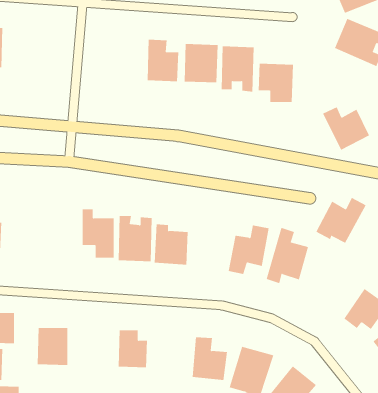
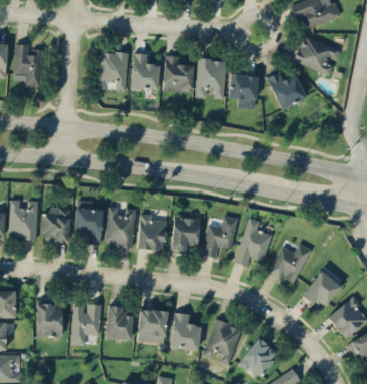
building: none -> [13,44,41,88]
building: none -> [98,51,128,90]
building: [322,107,370,150] -> [266,72,307,110]
building: [316,197,366,243] -> [268,243,312,283]
building: none -> [9,200,39,239]
building: none -> [43,208,71,242]
building: none -> [171,216,201,253]
building: none -> [71,304,101,345]
building: none -> [136,308,170,344]

